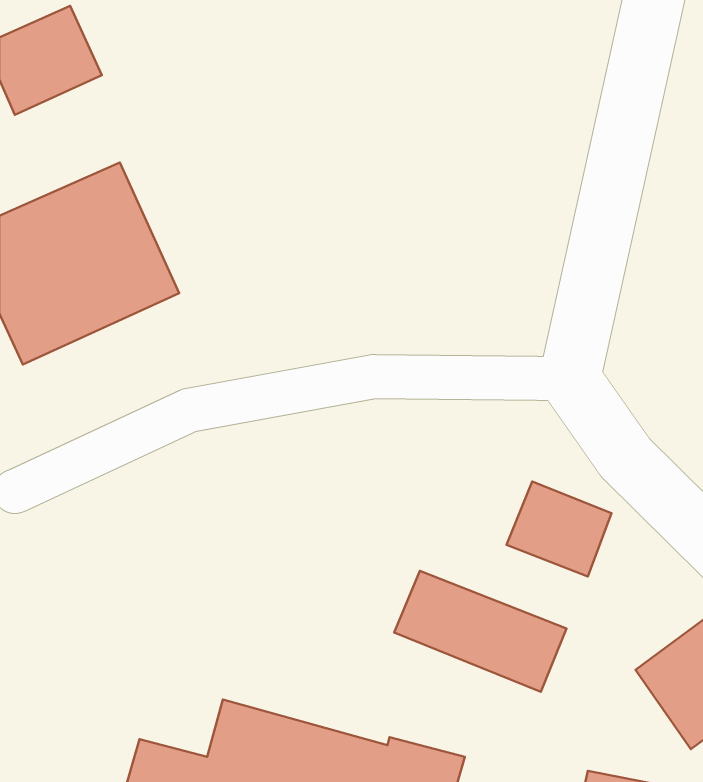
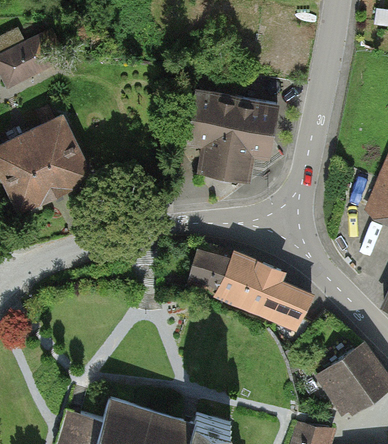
building: none -> [181,97,271,181]
building: [394,571,567,692] -> [184,248,271,309]

